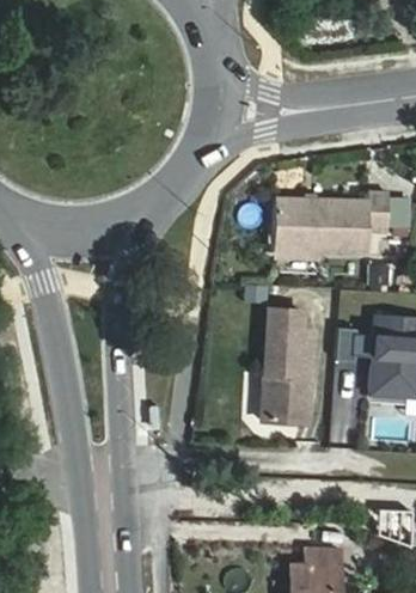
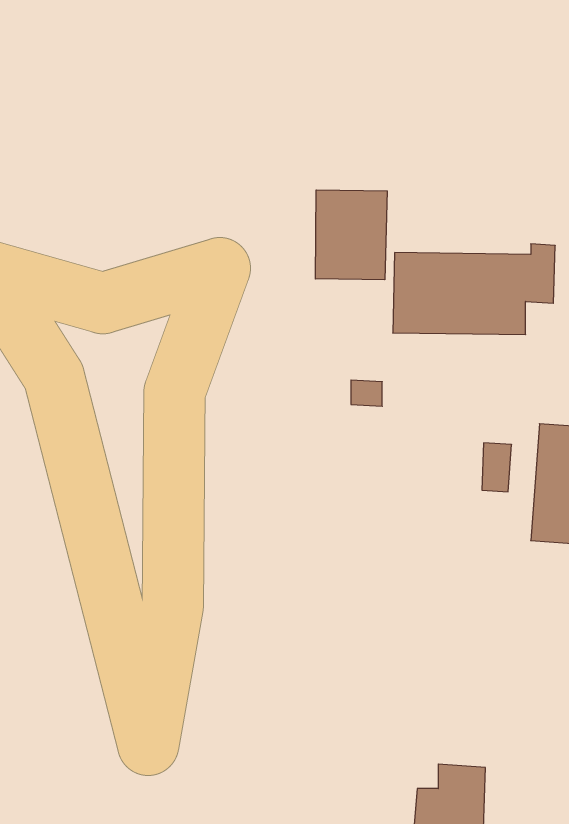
building: none -> [315,190,387,280]
building: [262,311,313,424] -> none

